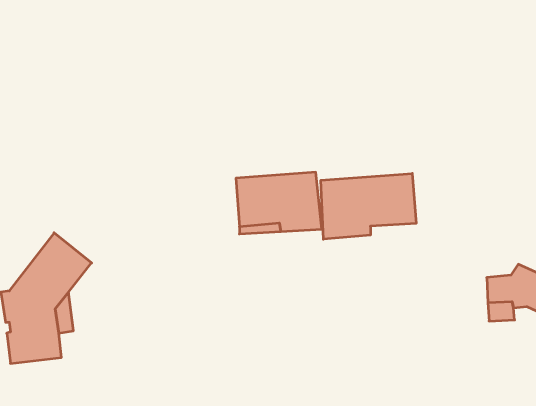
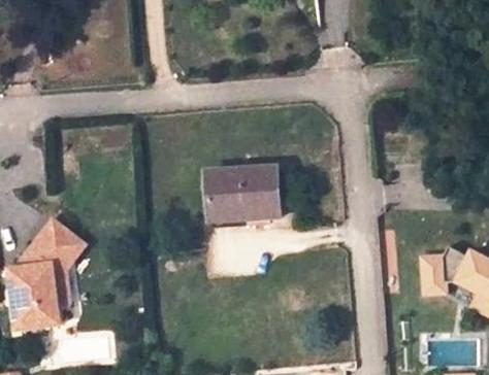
building: [321,173,416,239] -> none

